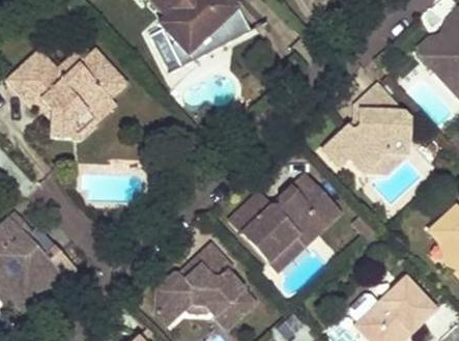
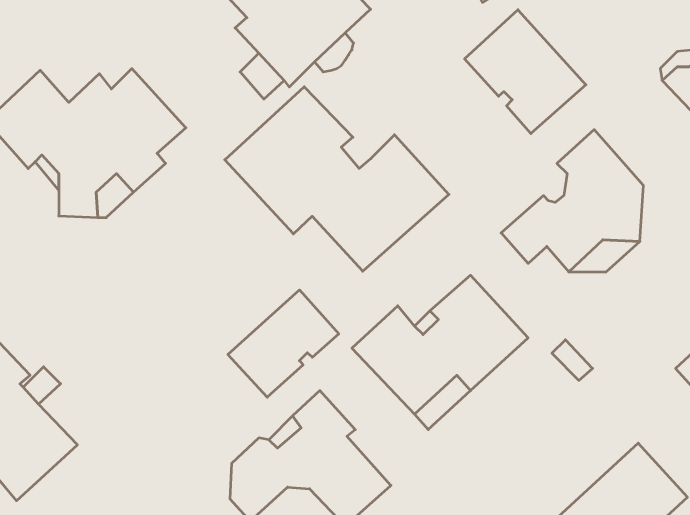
building: none -> [465,10,586,134]
building: none -> [225,87,449,271]
building: none -> [228,290,339,397]

